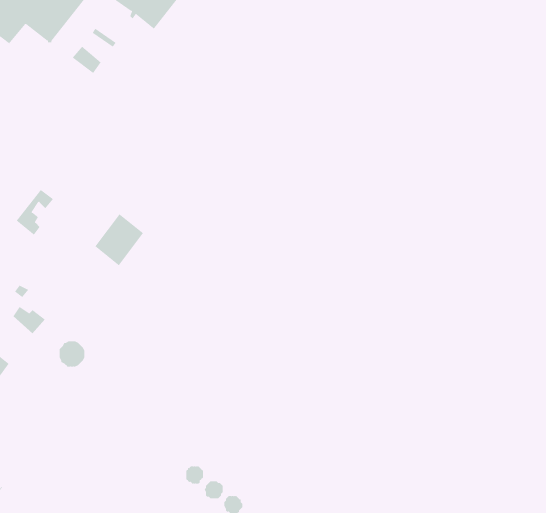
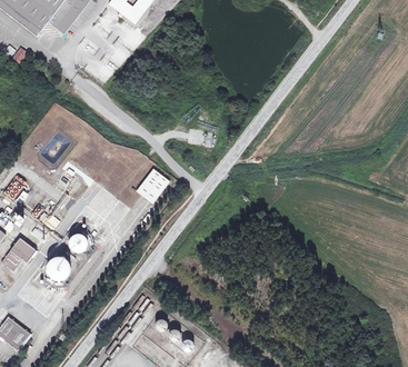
building: [95,213,144,266] -> [136,168,169,204]
building: none -> [47,257,70,280]

